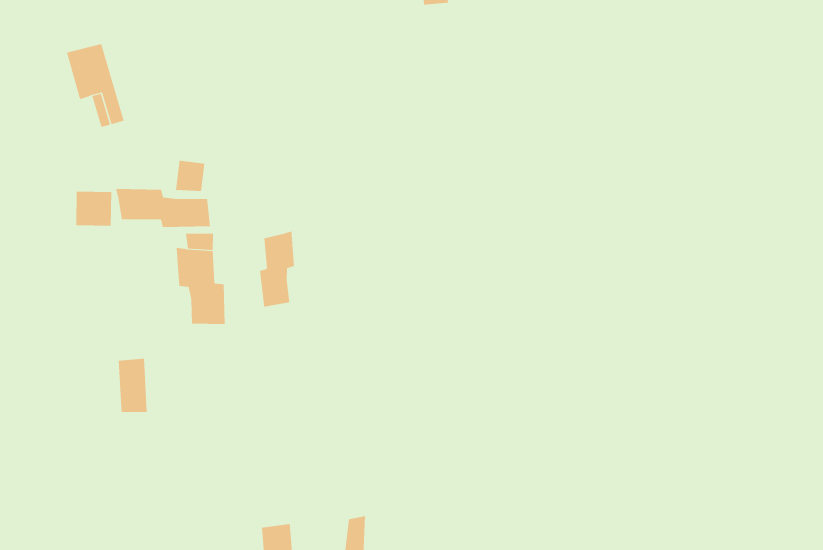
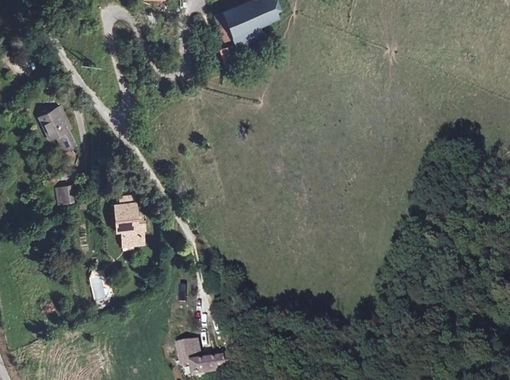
building: [115,188,210,228] -> none
building: [260,231,295,308] -> none

